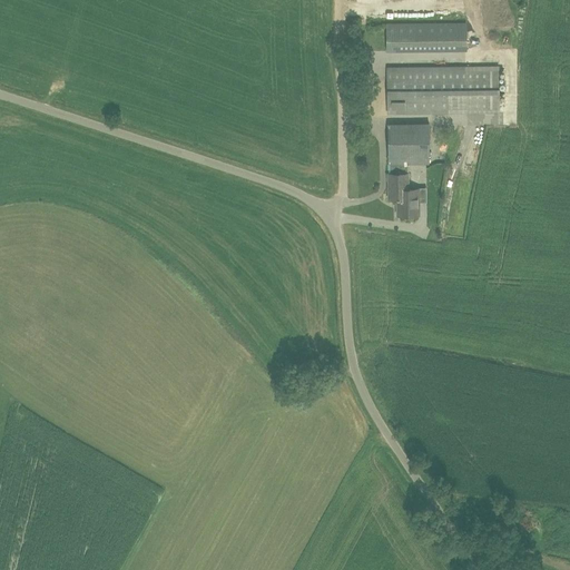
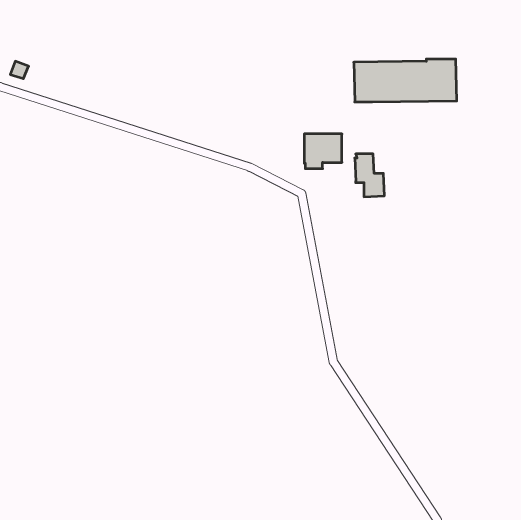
building: [386,21,465,50] -> none
building: [387,130,429,168] -> [304,134,342,169]

